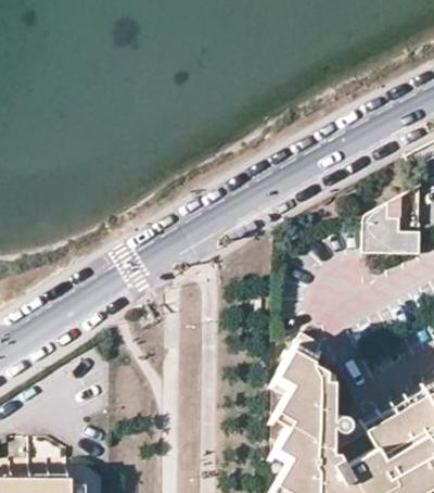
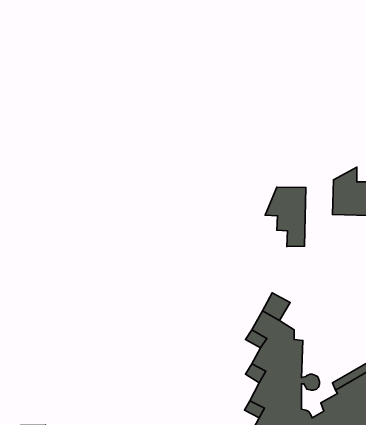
building: none -> [265,187,306,246]

